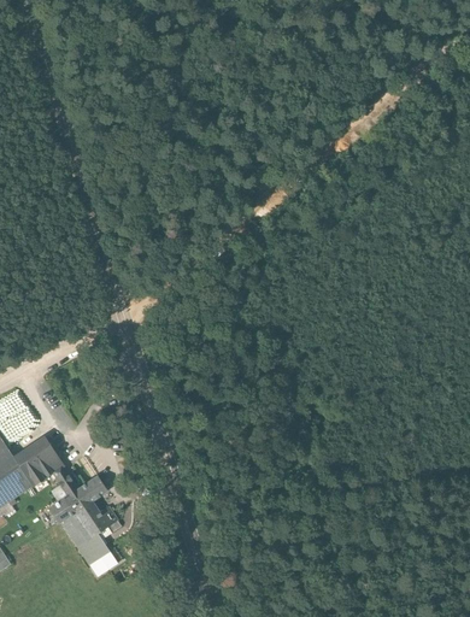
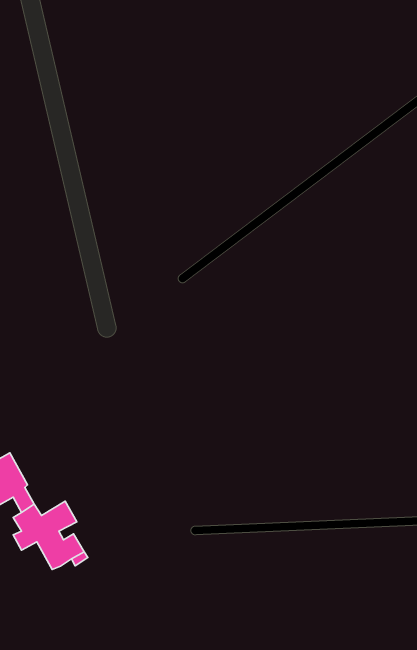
building: [60,513,107,565] -> none

